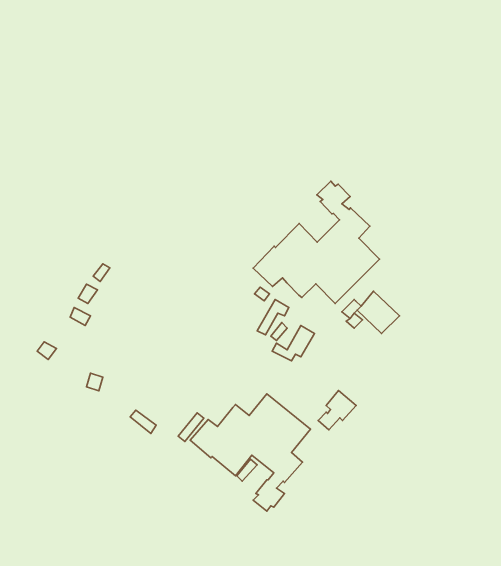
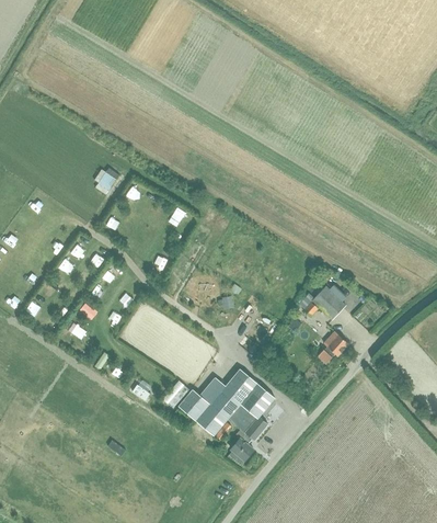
building: [253,181,380,304] -> none
building: [318,390,356,430] -> [315,331,346,363]

